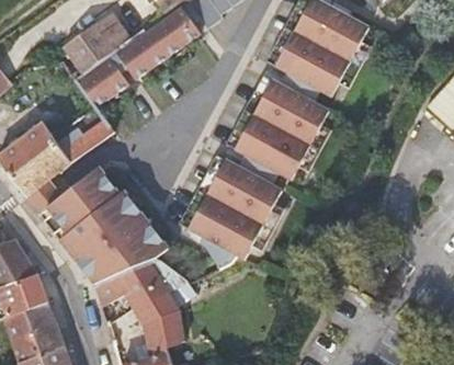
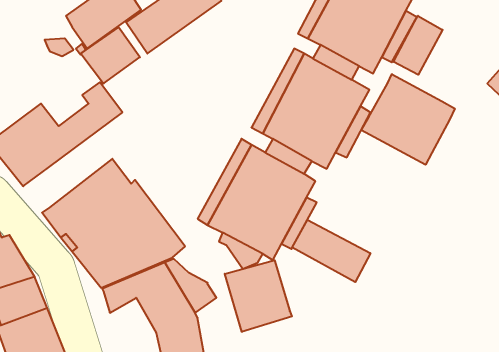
building: none -> [394,16,443,75]
building: none -> [361,74,455,165]
building: [26,166,104,214] -> none
building: none -> [292,220,370,282]
building: none -> [225,260,292,332]

